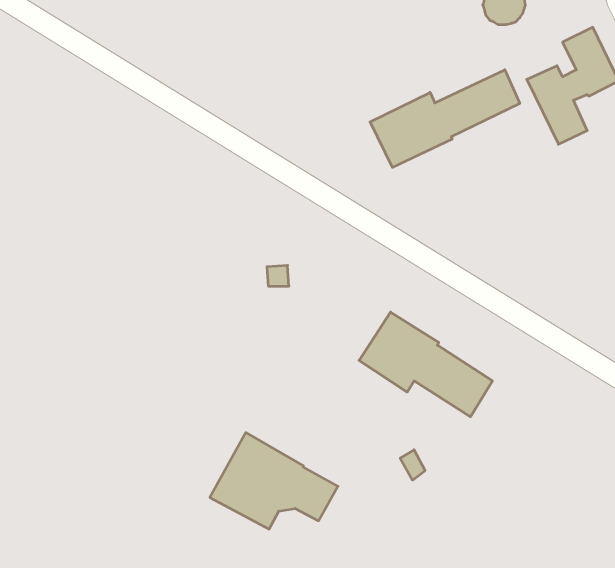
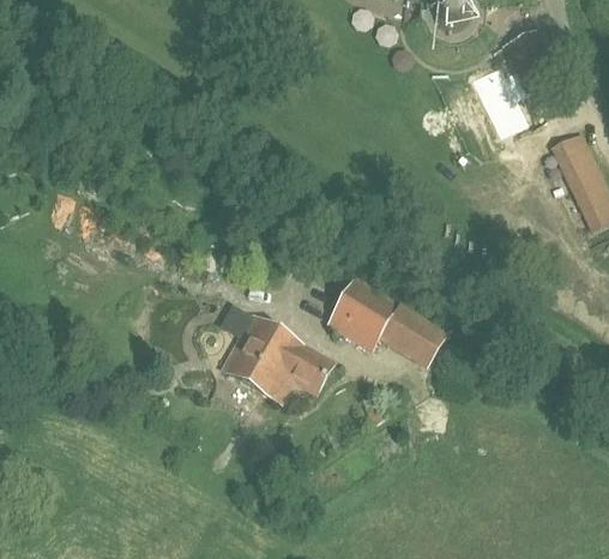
building: [370,70,520,167] -> none
building: [210,433,338,529] -> [223,314,334,398]

